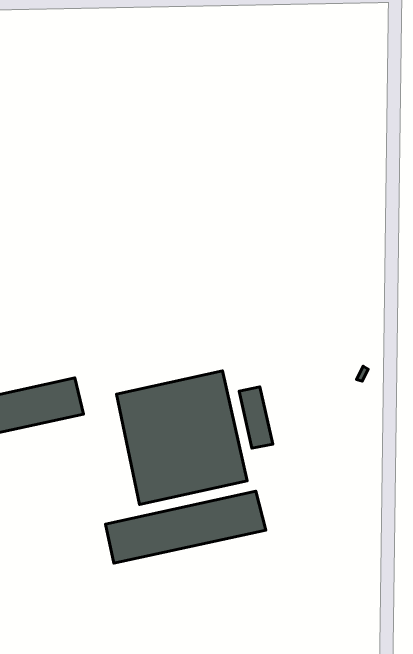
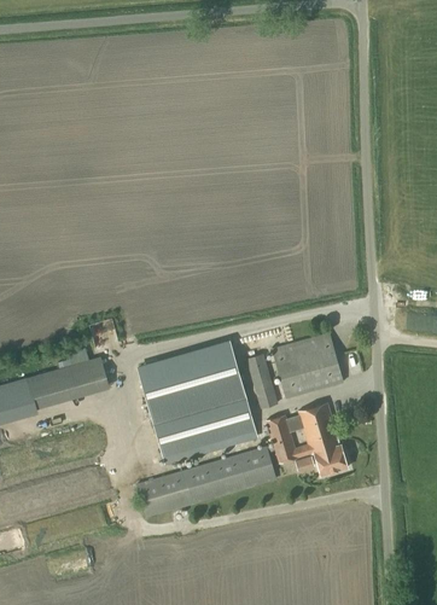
building: none -> [272,332,342,394]
building: none -> [266,402,346,475]

